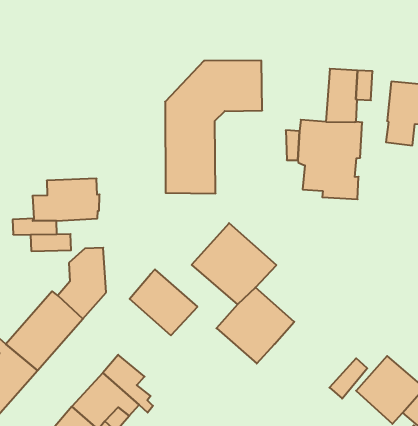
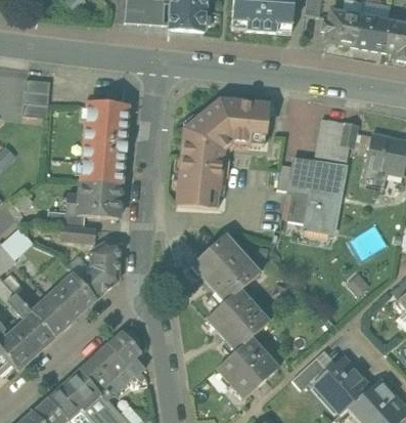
building: none -> [81,103,129,184]
building: [130,269,197,335] -> none
building: none -> [218,337,278,397]

